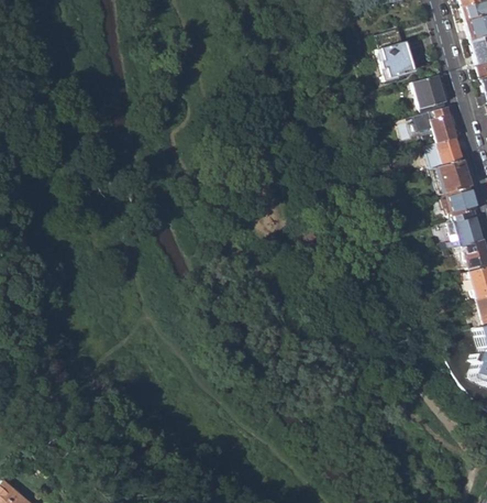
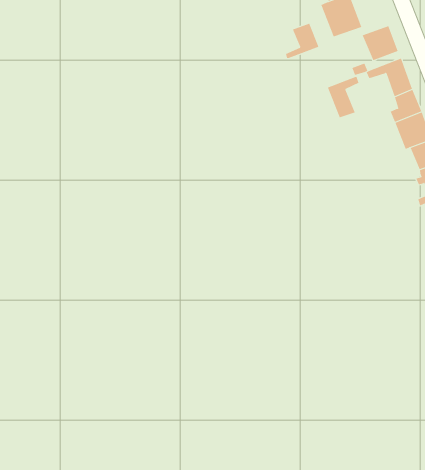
building: none -> [285,23,319,59]
building: none -> [327,76,359,118]

